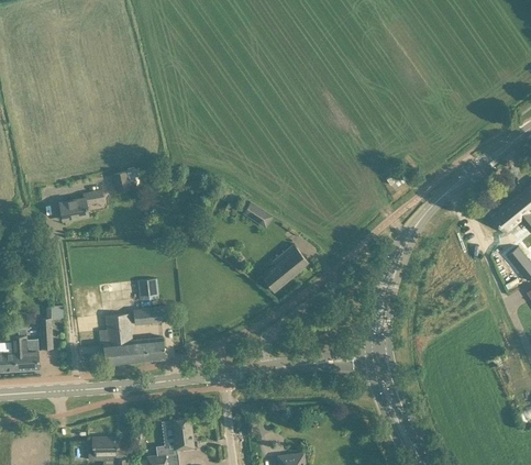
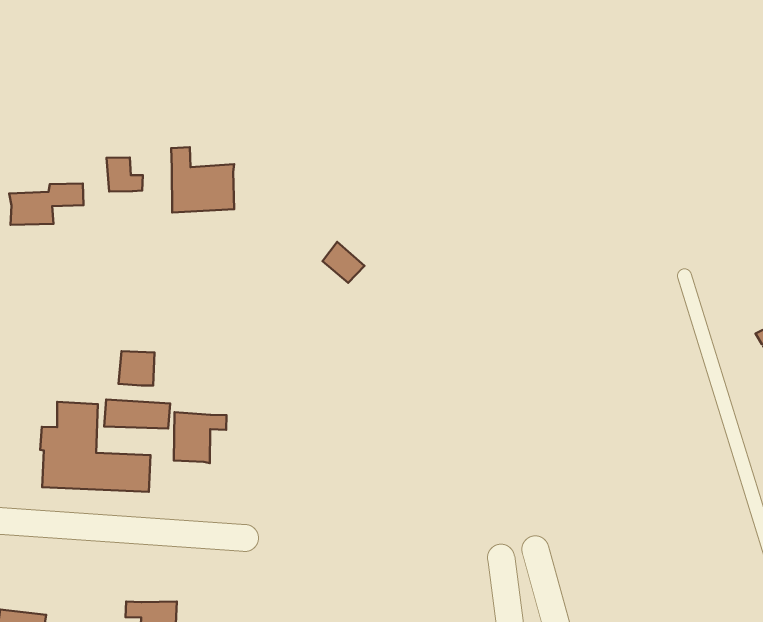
building: none -> [171,147,234,213]
building: [262,244,309,291] -> none
building: none -> [174,412,226,463]

